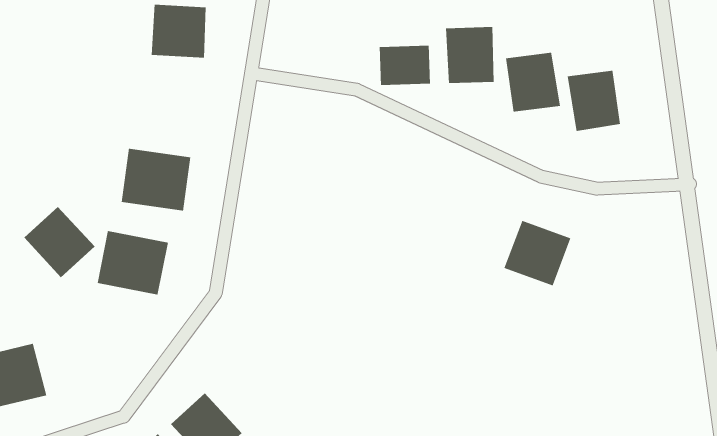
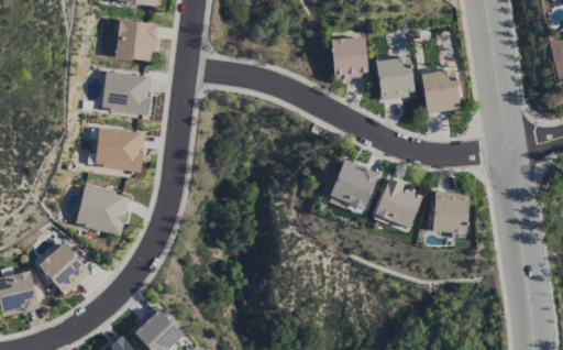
building: [379,45,431,86] -> none
building: none -> [100,70,152,114]
building: none -> [329,158,379,210]
building: [23,206,95,278] -> [37,242,90,295]
building: none -> [432,192,468,233]

